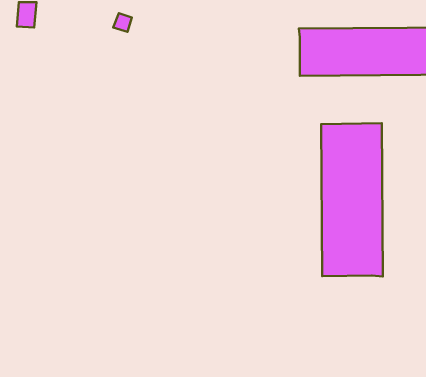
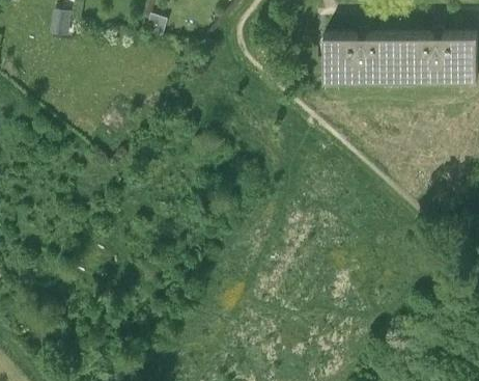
building: [321,123,383,277] -> none

